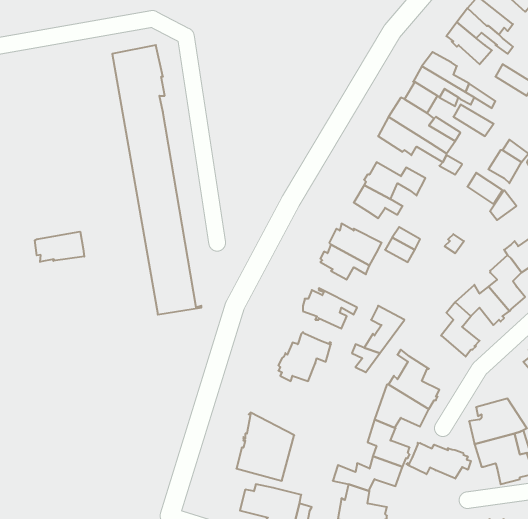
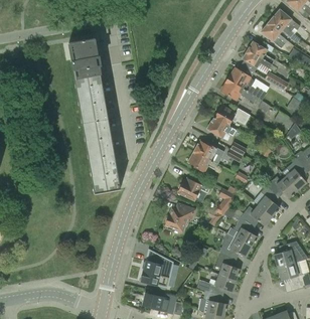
building: [35,232,84,262] -> none
building: none -> [241,204,273,225]
building: [406,443,471,479] -> none

